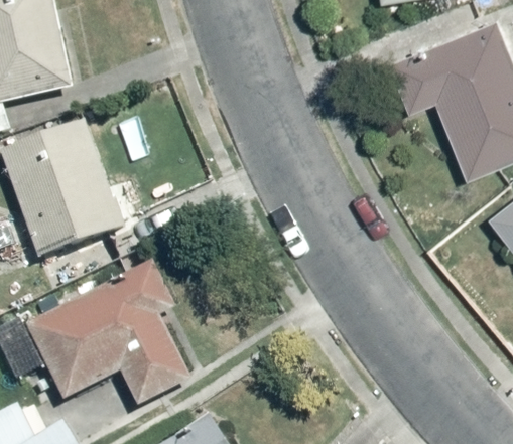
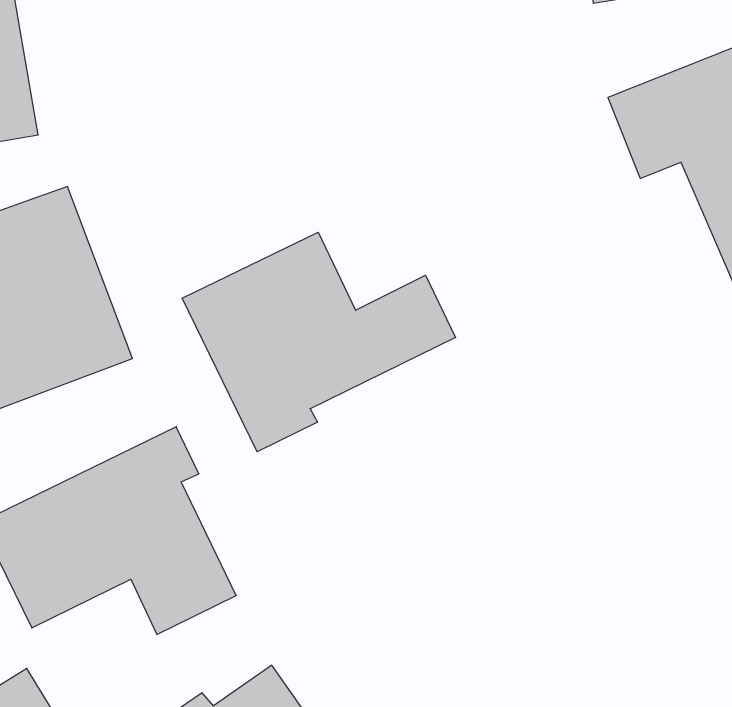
building: none -> [182,232,456,452]

